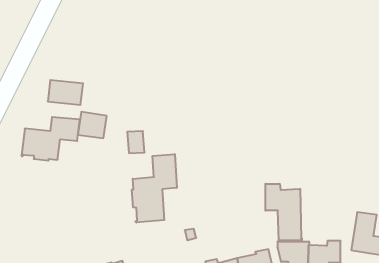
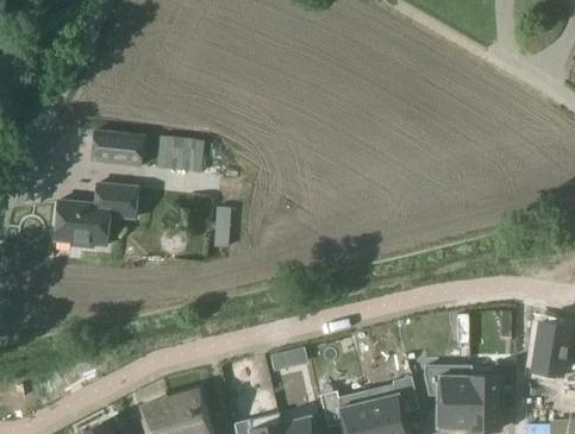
building: [78,112,107,138] -> [148,134,189,172]
building: [132,154,177,223] -> none
building: [265,184,302,240] -> none

